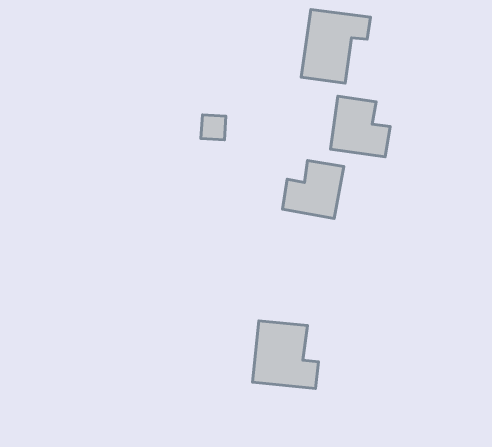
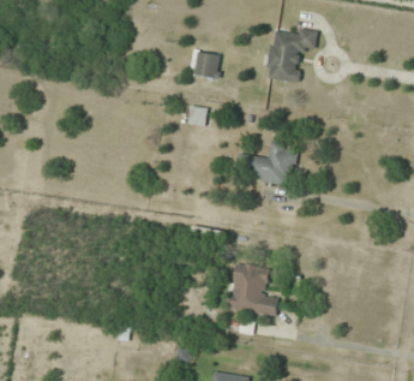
building: none -> [193,50,222,77]
building: [331,96,390,157] -> none

